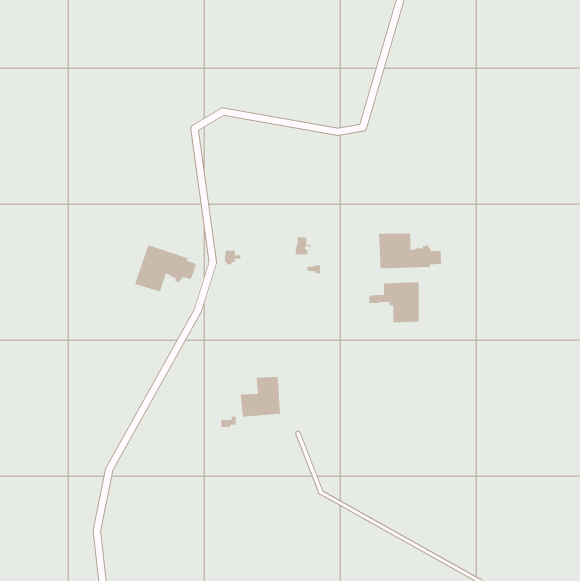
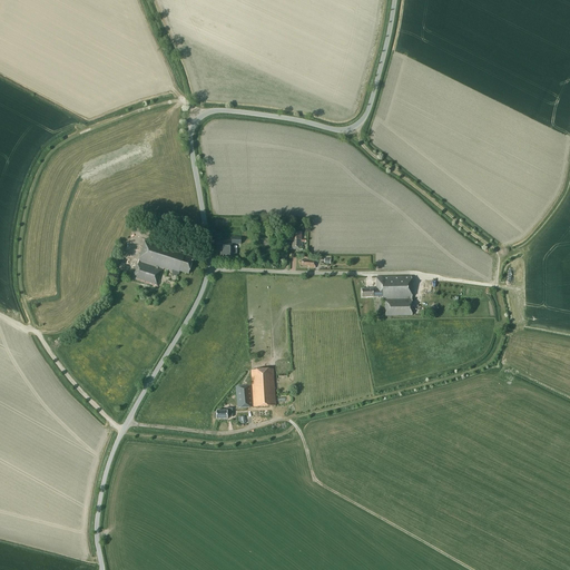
building: [379,233,442,269] -> none

